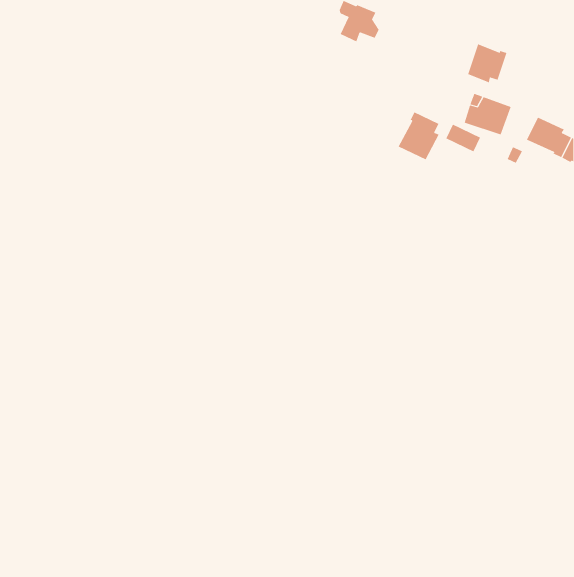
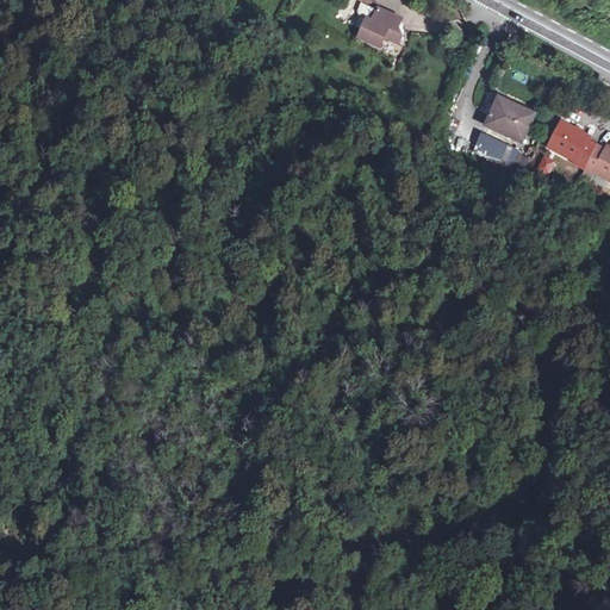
building: [467,43,507,83] -> none
building: [398,112,440,160] -> none

